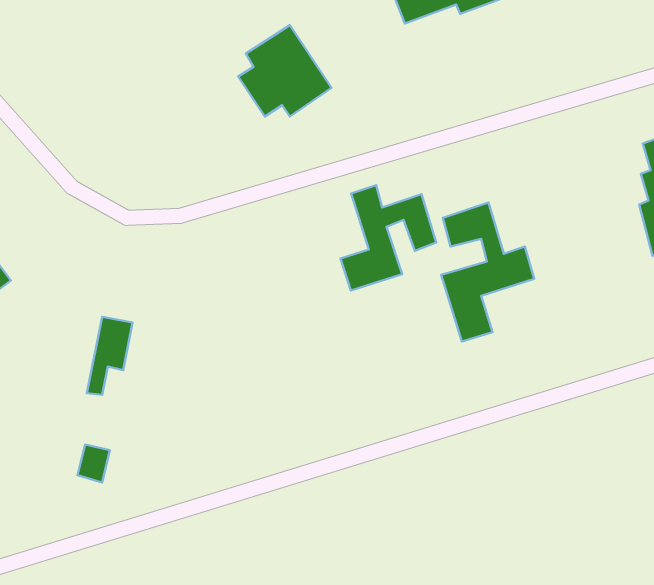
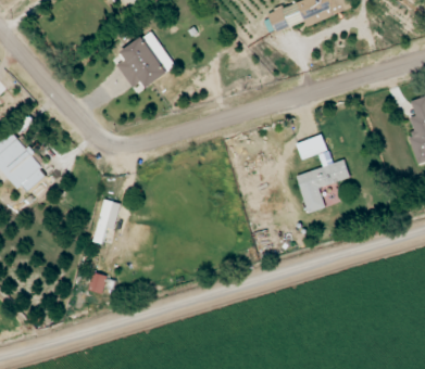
building: [238,25,332,117] -> [116,35,170,87]
building: [341,185,436,290] -> none

